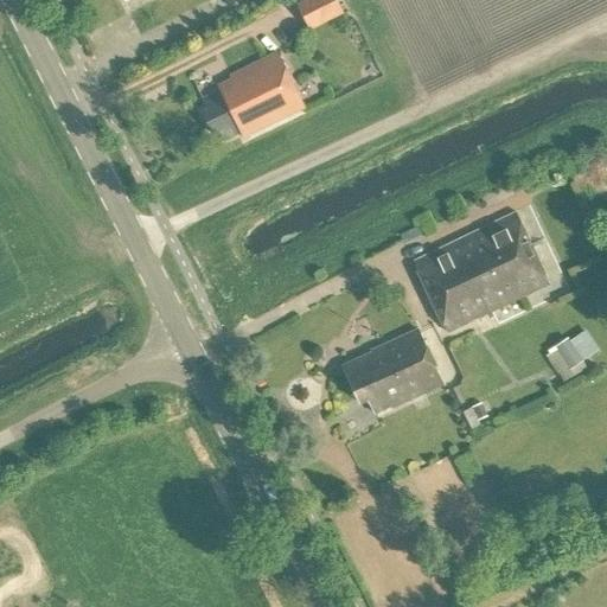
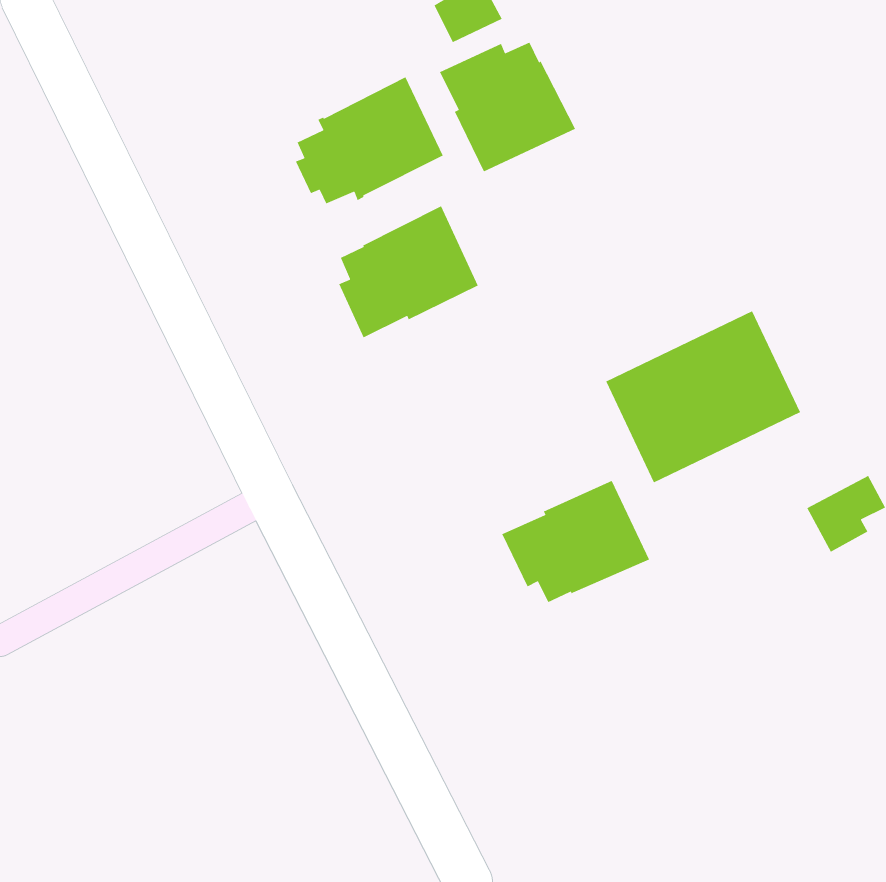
building: none -> [439,41,576,172]
building: none -> [338,205,479,339]

